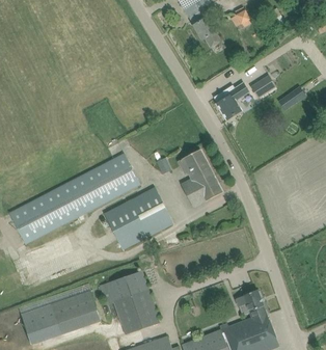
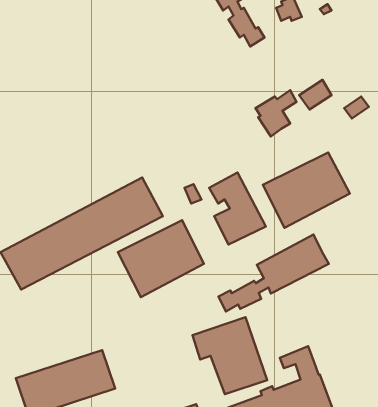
building: none -> [263,152,350,228]
building: none -> [218,235,329,312]
building: [99,270,159,332] -> [193,317,267,394]

